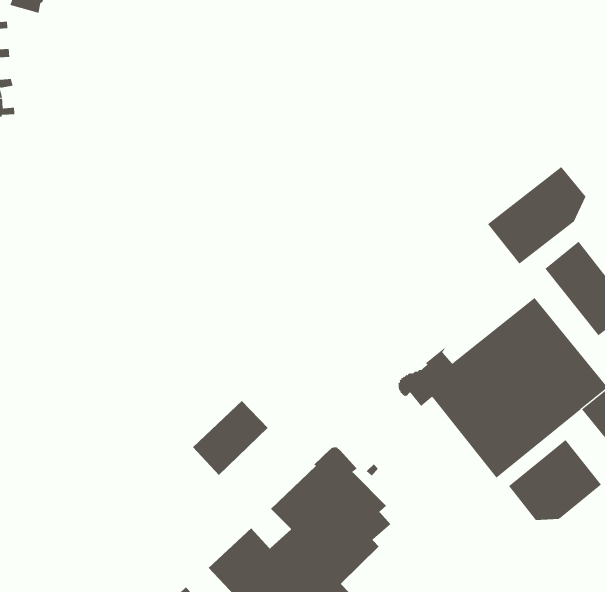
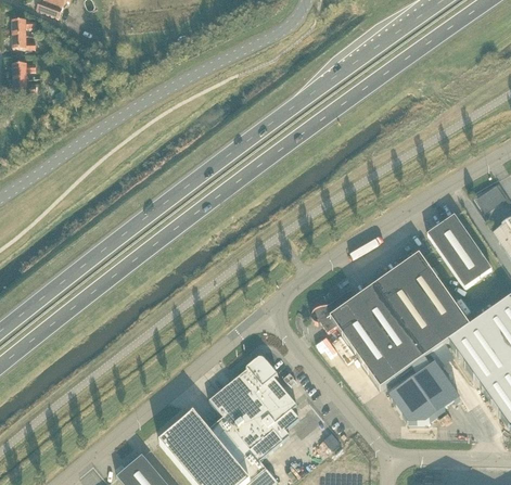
building: [487,166,586,264] -> none
building: [192,400,269,476] -> none

